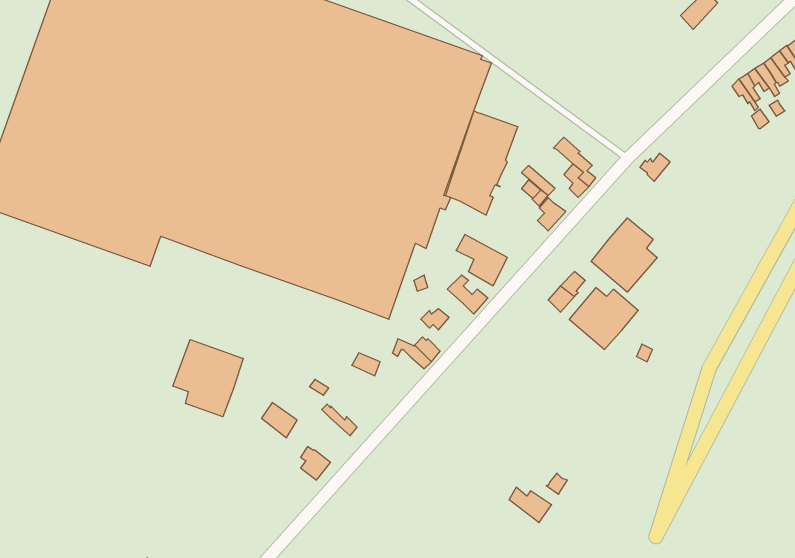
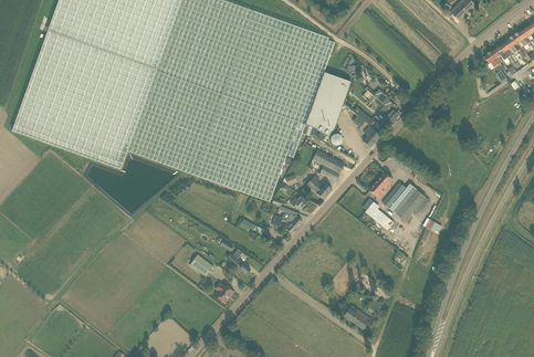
building: [591,218,657,292] -> none
building: [173,340,243,417] -> none

